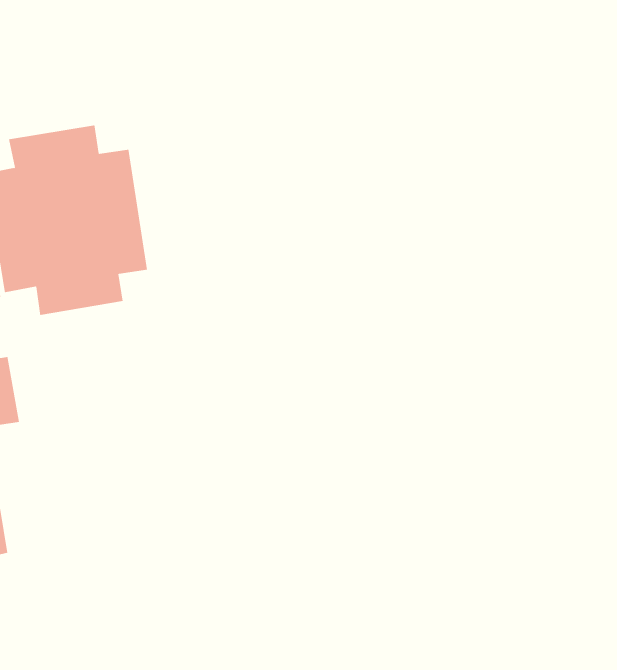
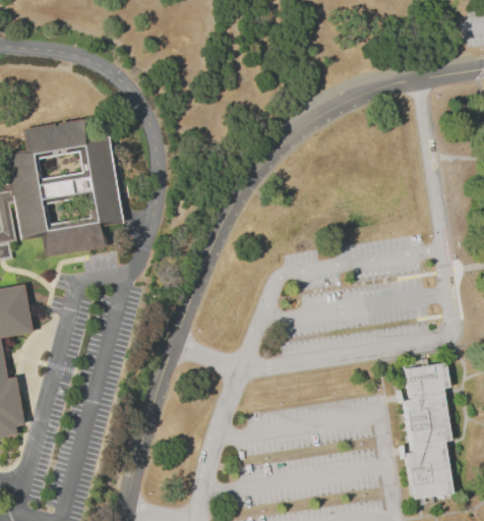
building: none -> [405,362,452,500]

